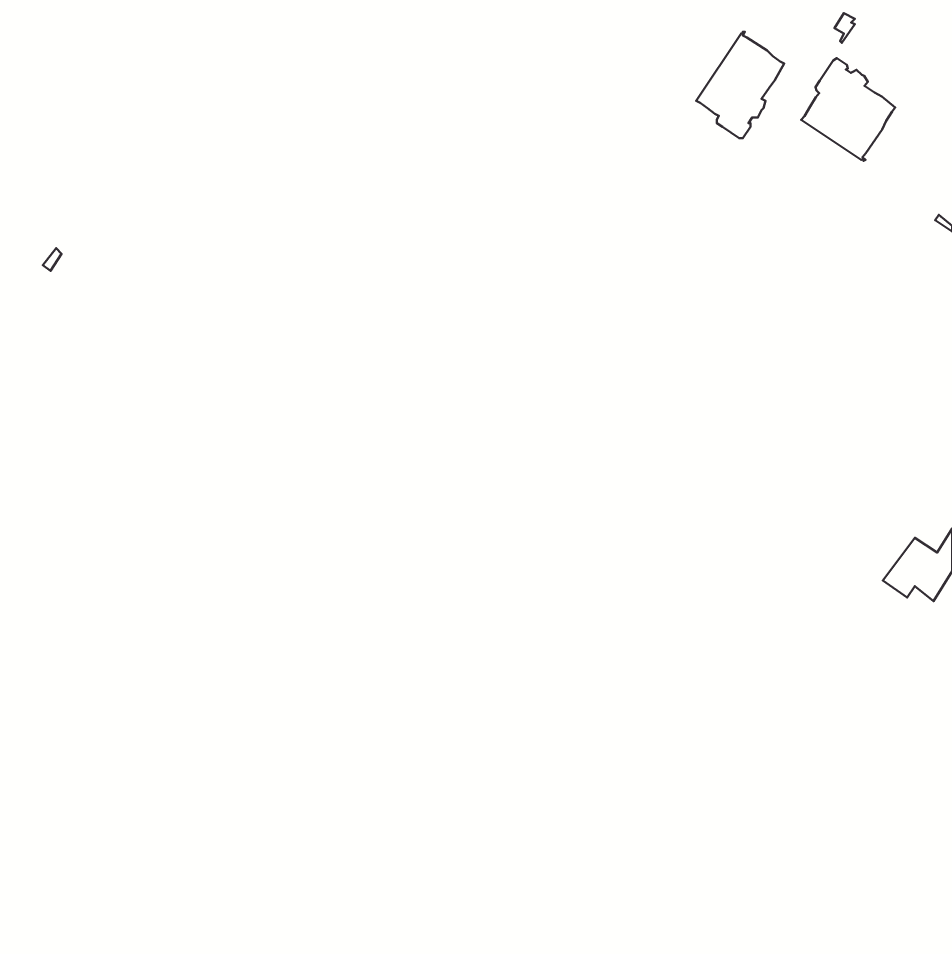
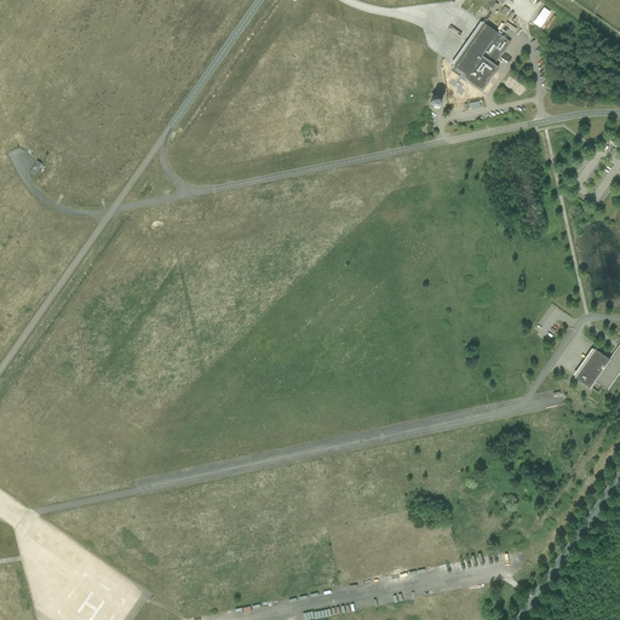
building: [801,58,895,161] -> none

